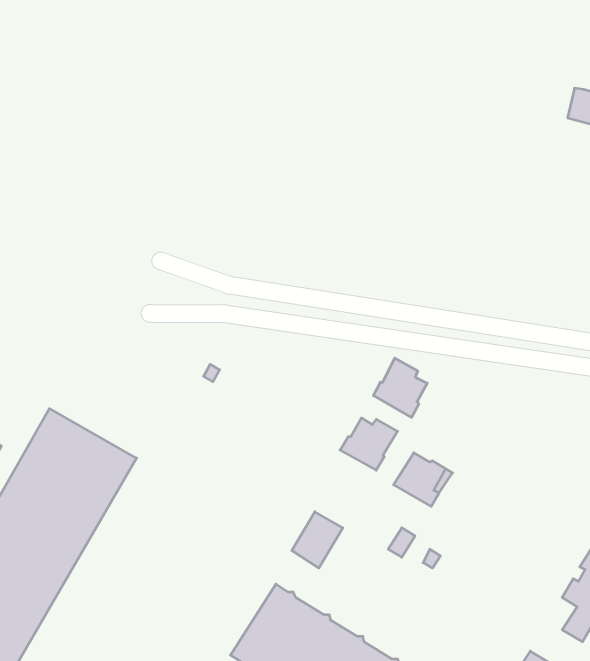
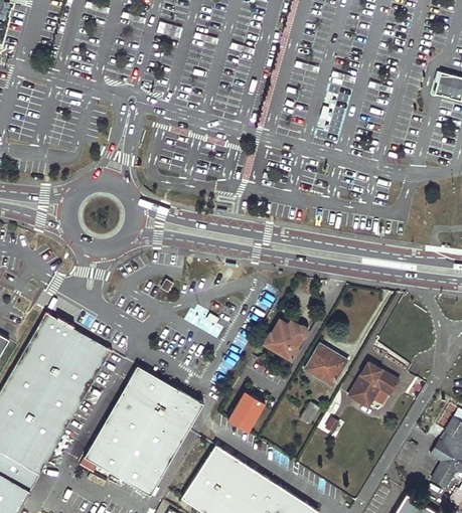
building: [373,358,427,417] -> none
building: none -> [348,362,400,407]
building: none -> [80,365,203,495]

